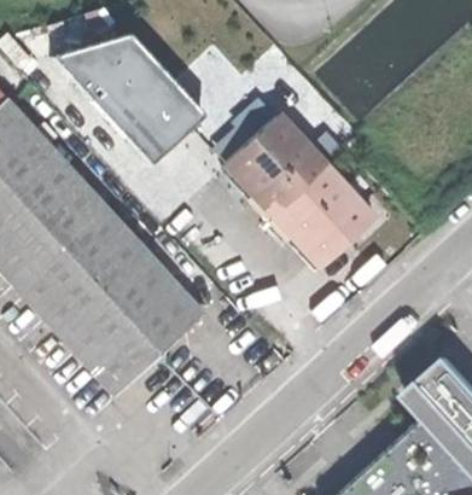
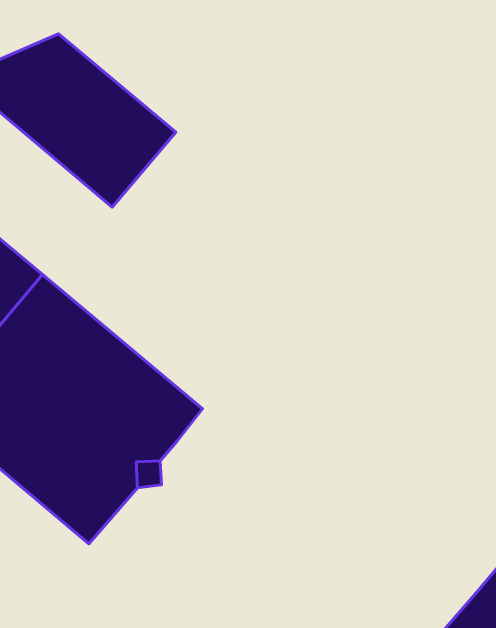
building: [225,111,371,261] -> none

